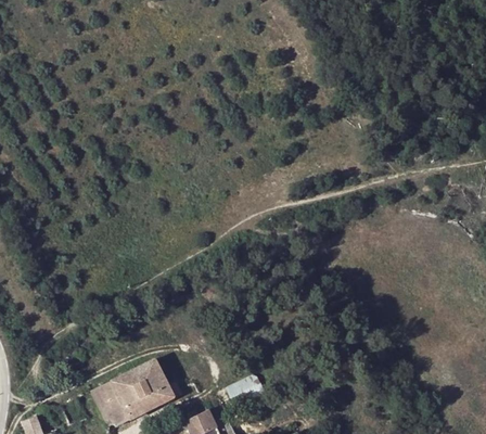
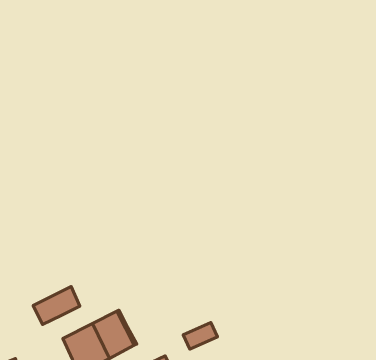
building: none -> [33,287,80,325]

